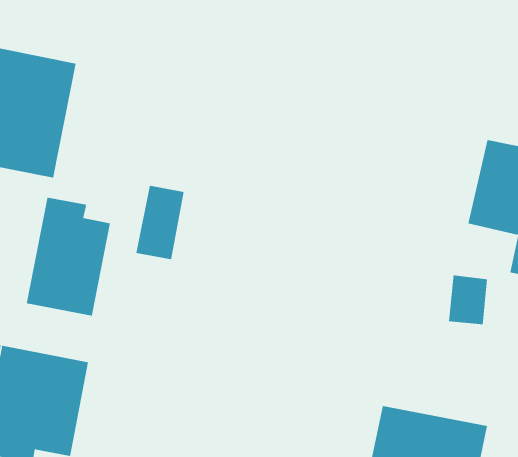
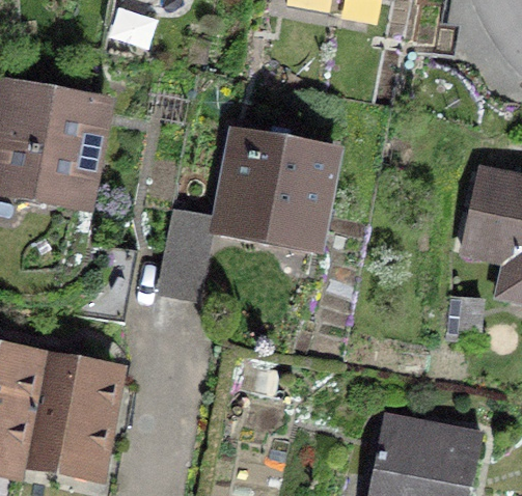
building: none -> [223,138,330,238]
building: [26,197,110,316] -> none

